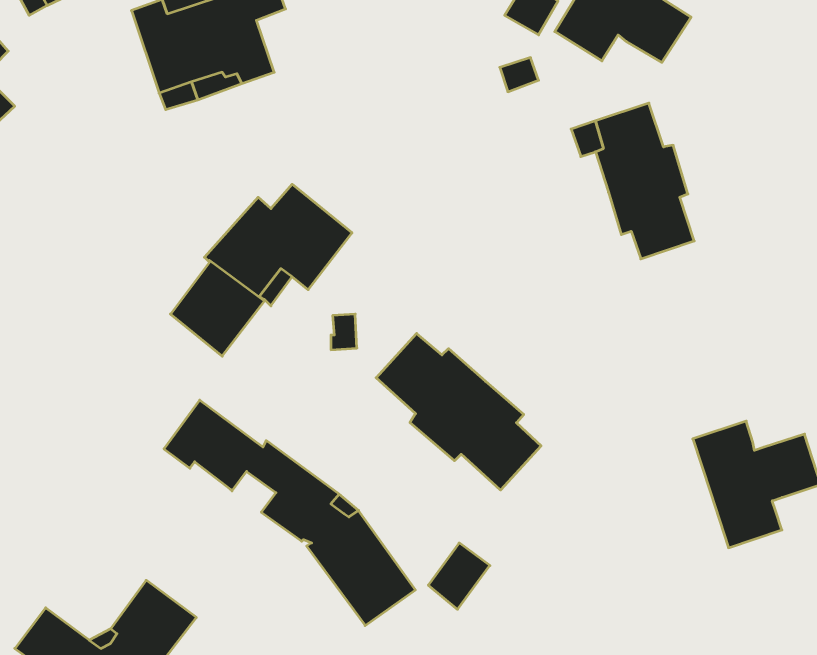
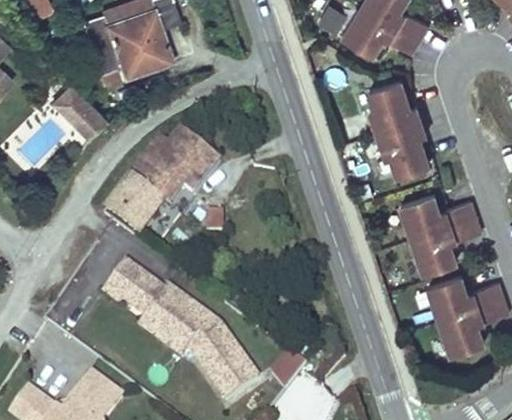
building: none -> [46,81,103,140]
building: none -> [402,193,482,271]
building: [376,333,541,490] -> none
building: none -> [139,305,189,357]

